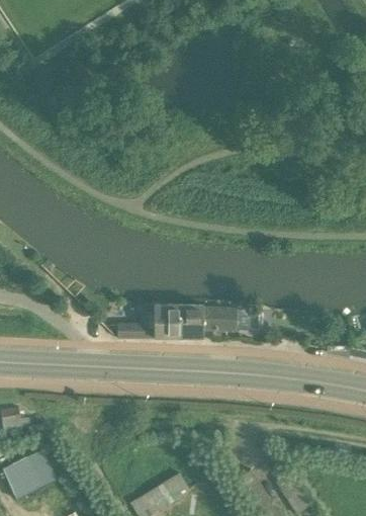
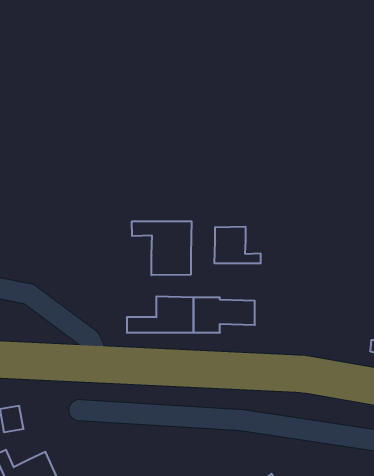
building: none -> [132,221,192,275]
building: none -> [215,227,261,263]

